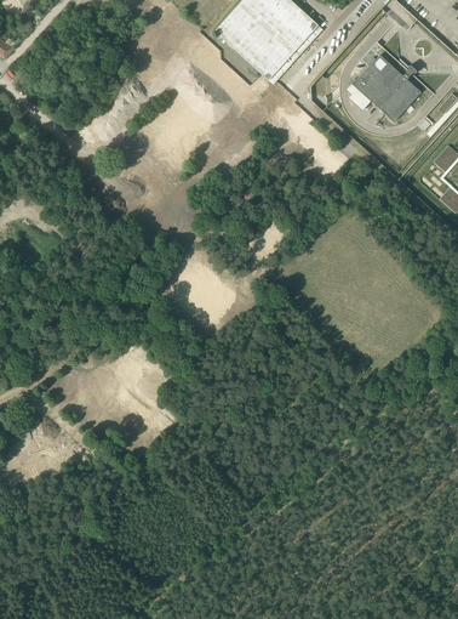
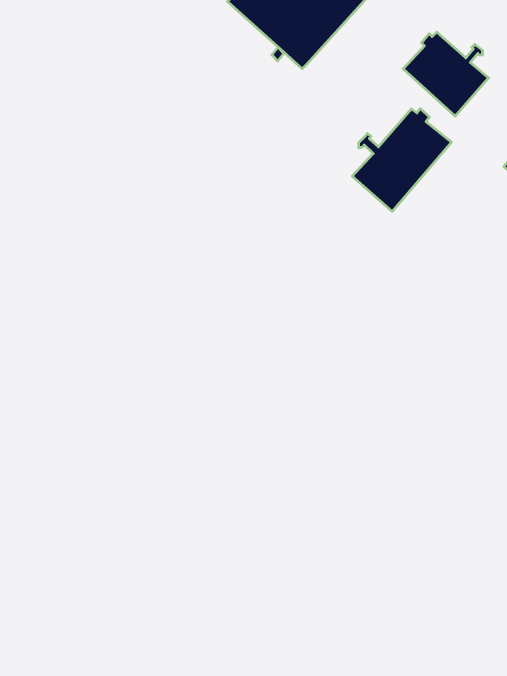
building: none -> [352,109,451,211]

